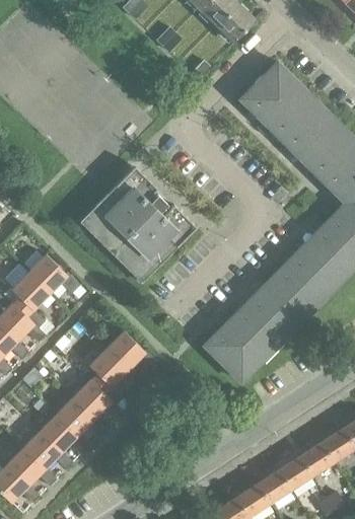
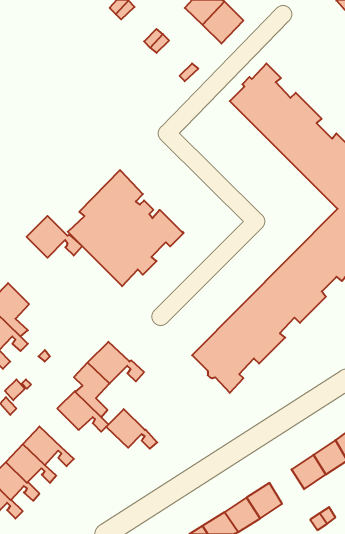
building: [25,254,79,295] -> [27,216,82,258]
building: [56,396,105,435] -> [106,409,157,449]
building: [279,455,312,489] -> none

